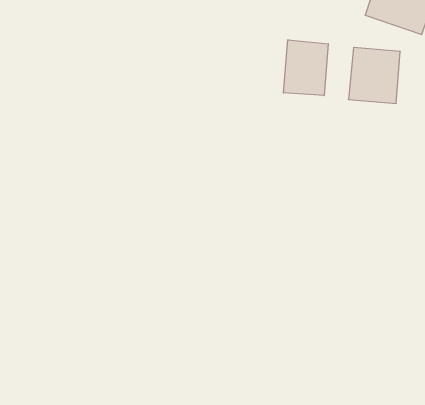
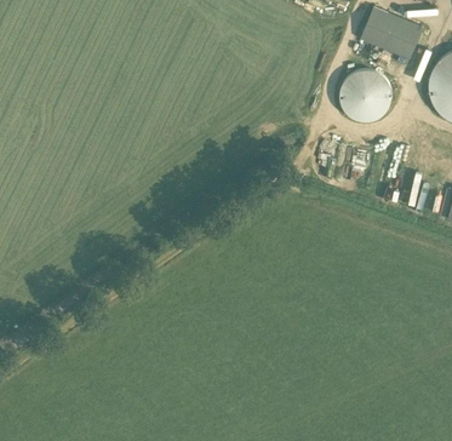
building: [283,40,328,96] -> none

